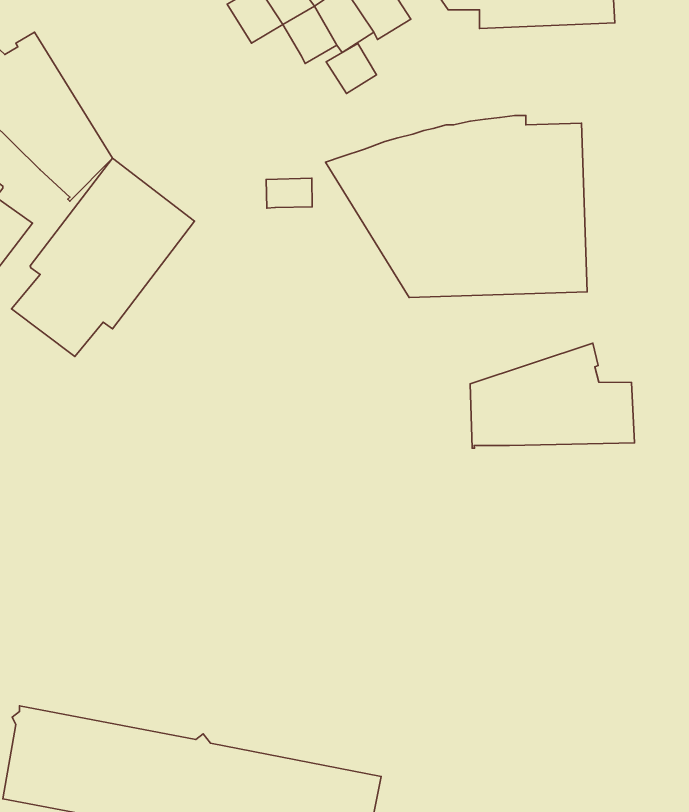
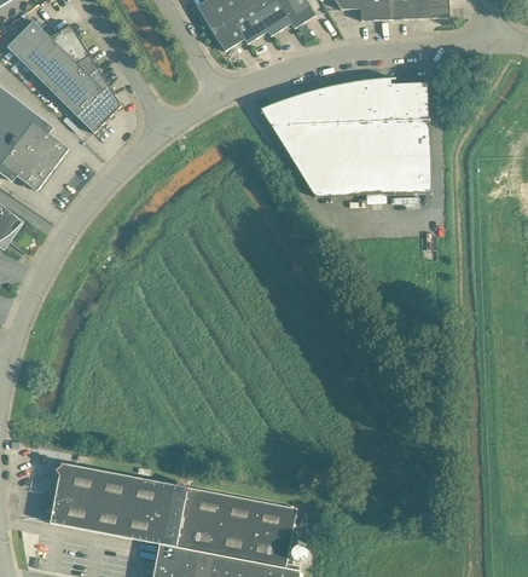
building: [326,43,376,94] -> [210,18,243,51]
building: [12,158,194,356] -> none
building: [266,178,312,208] -> none
building: [470,343,635,448] -> none

